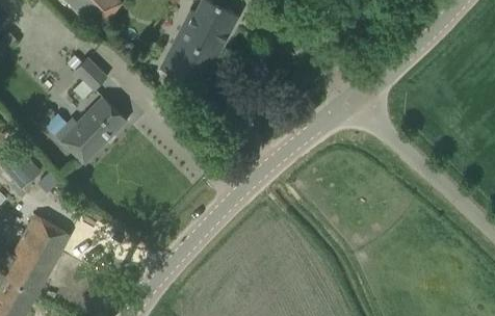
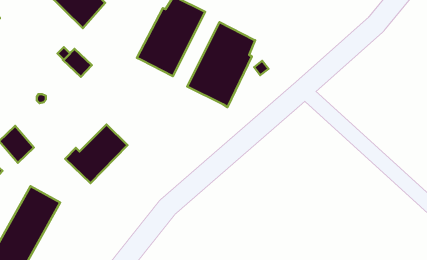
building: none -> [187,22,255,107]
building: [55,96,127,163] -> [65,124,127,183]

